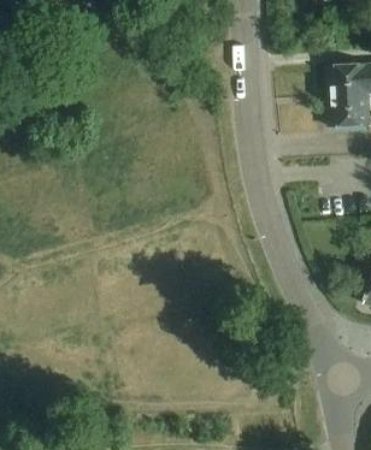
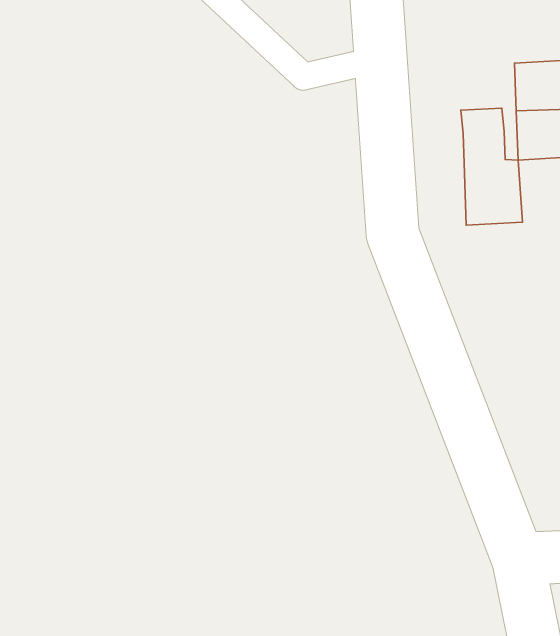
building: none -> [461,108,522,225]

